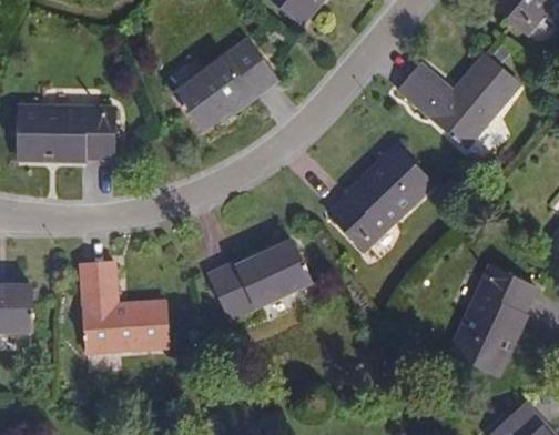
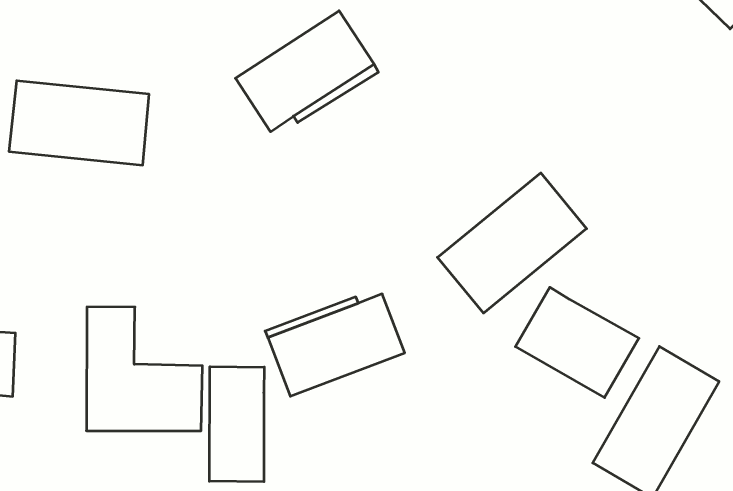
building: [399,55,519,146] -> none
building: none -> [515,287,639,398]
building: none -> [209,367,264,482]

